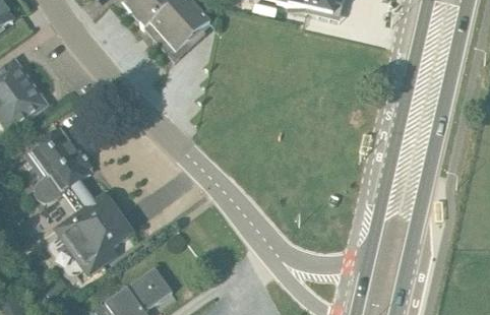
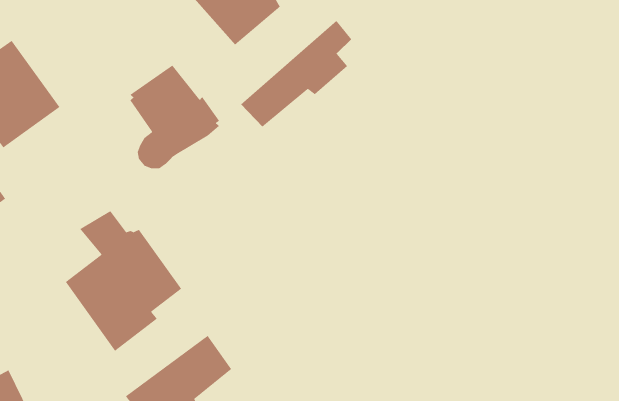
building: none -> [240,20,352,128]
building: [29,126,94,200] -> [130,65,220,169]

